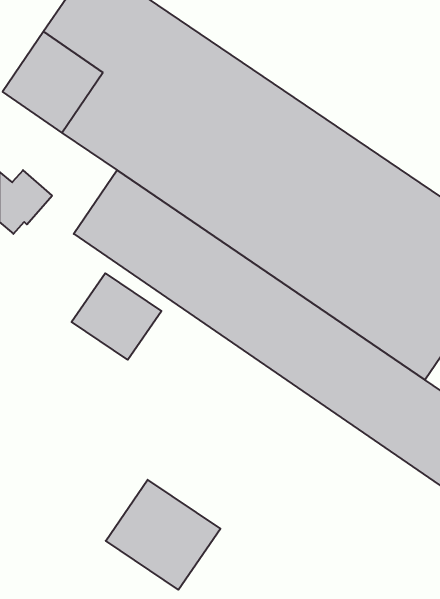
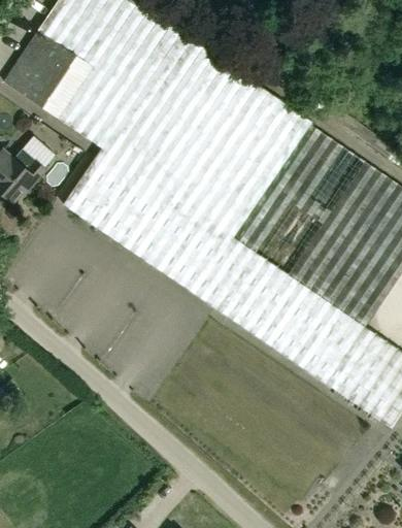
building: [72,273,161,360] -> none
building: [106,480,220,590] -> none

